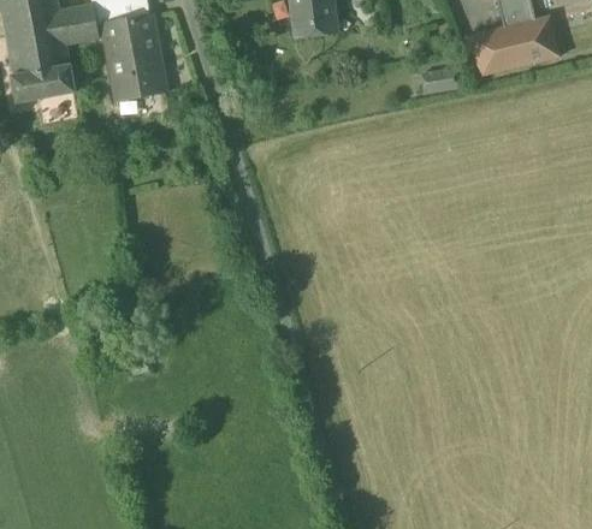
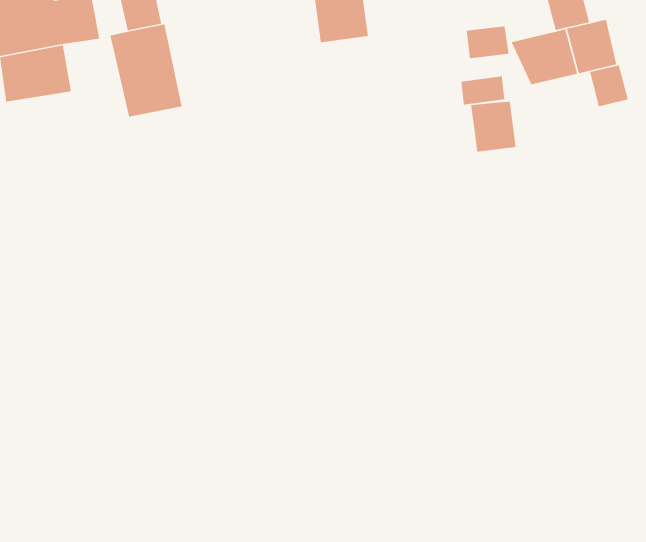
building: none -> [466,25,509,59]
building: none -> [589,64,629,107]
building: none -> [470,101,516,153]

